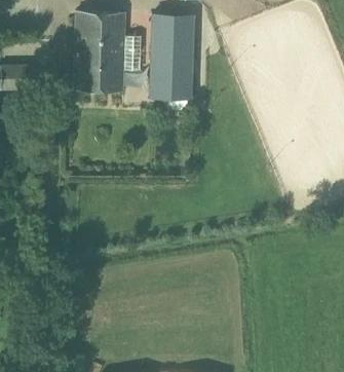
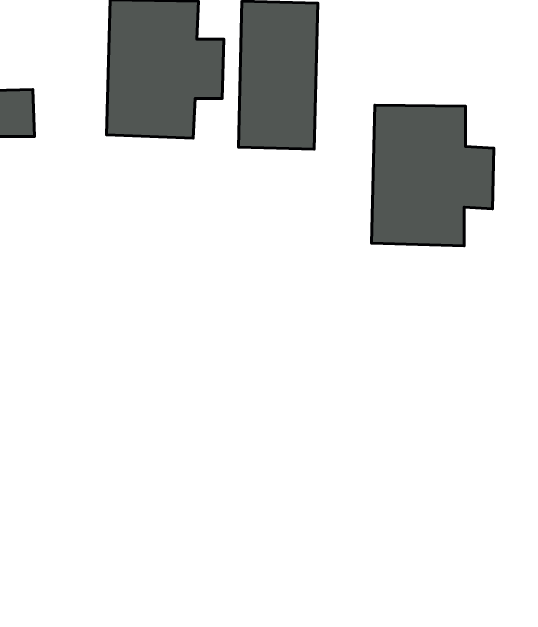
building: none -> [371,105,494,246]

